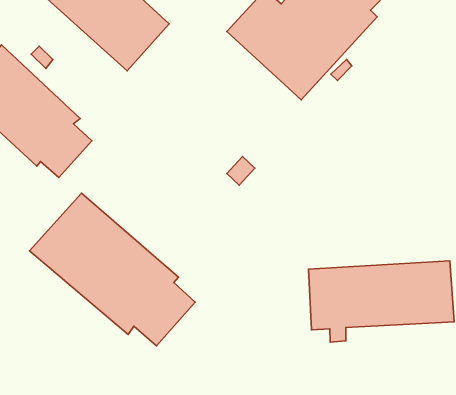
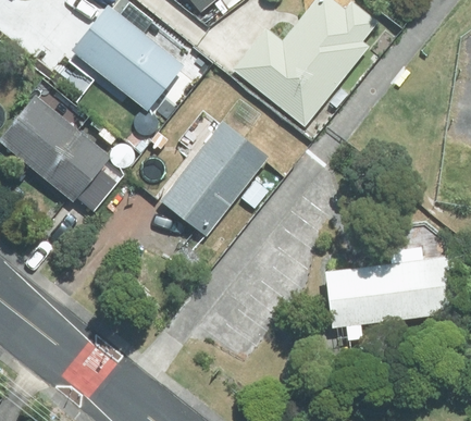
building: none -> [163,121,268,234]
building: [30,193,195,346] -> none

